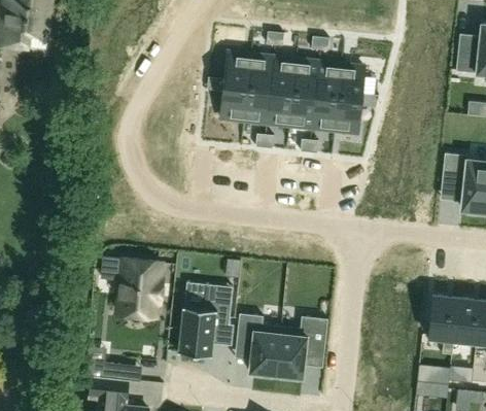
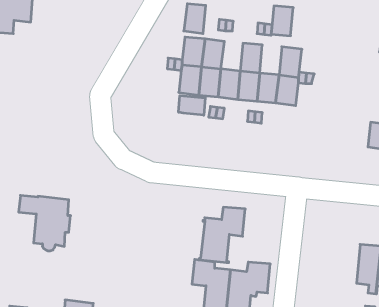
building: [270,58,296,93] -> [184,4,206,34]
building: [315,62,341,97] -> [271,6,293,36]
building: none -> [179,96,205,115]
building: [101,258,162,322] -> [19,195,71,251]
building: [177,290,232,355] -> [199,207,245,263]

